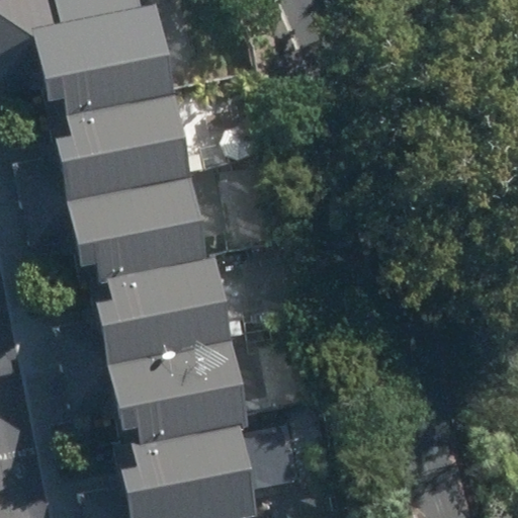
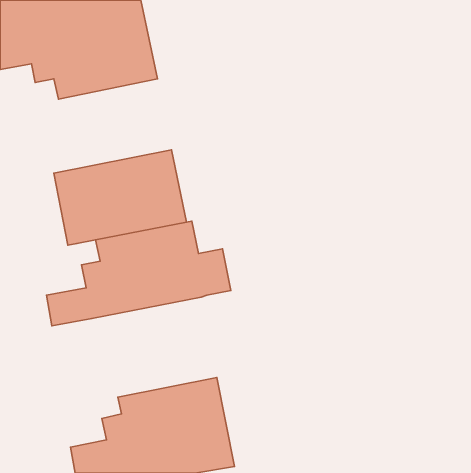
building: [11,86,190,198] -> none
building: [103,323,283,434] -> none

